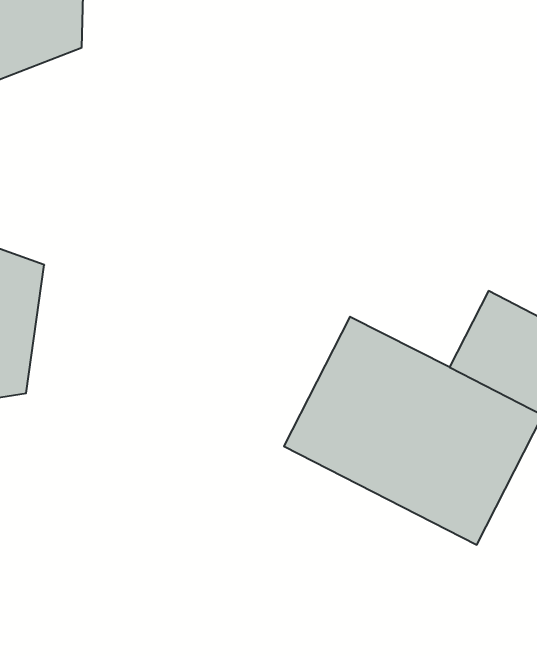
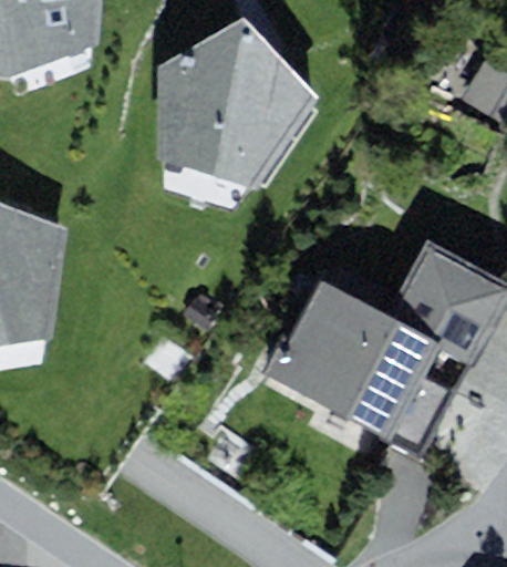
building: none -> [156,16,317,188]

